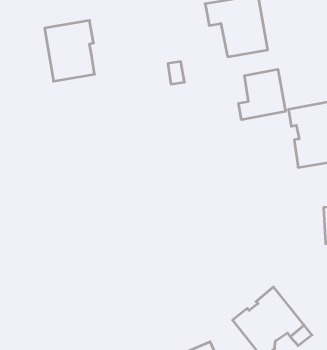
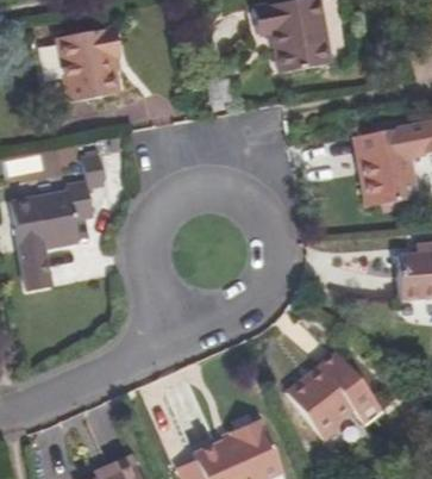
building: [239,69,285,120] -> none
building: none -> [12,155,105,291]

